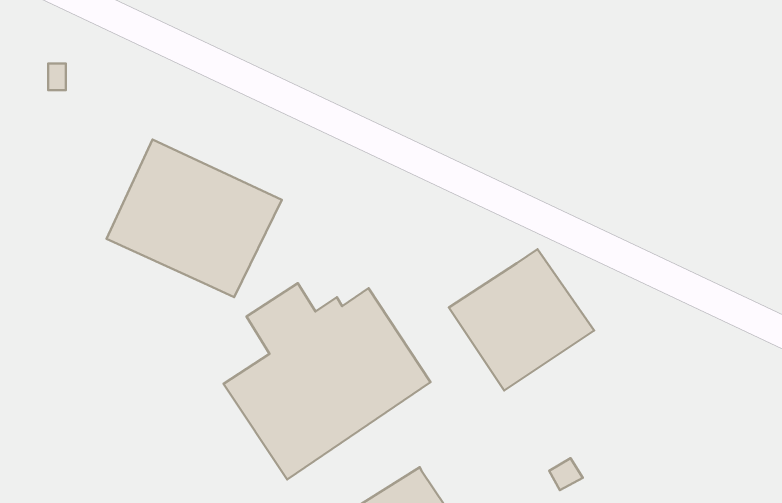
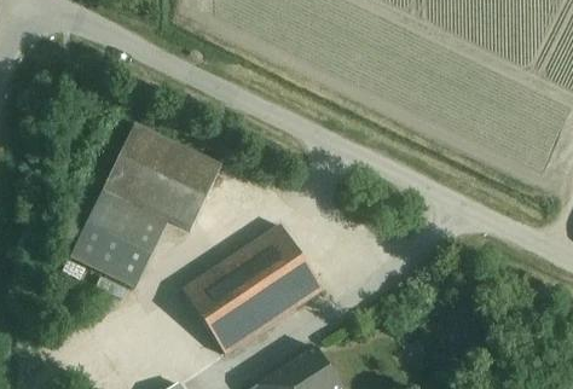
building: none -> [69,191,168,285]
building: [449,249,594,391] -> none

